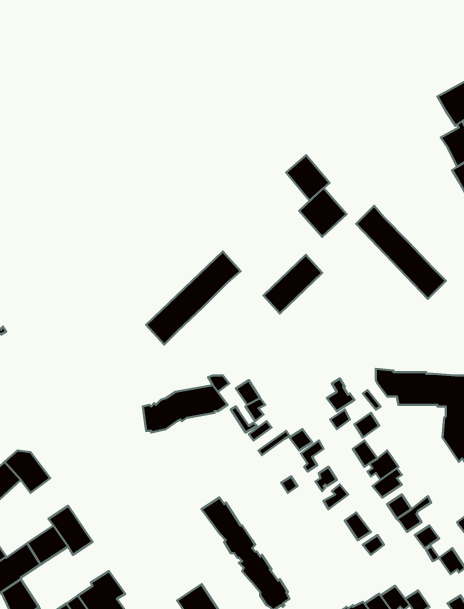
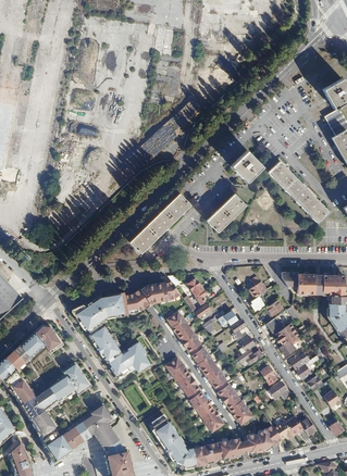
building: [286,155,329,200] -> none
building: none -> [72,292,128,355]
building: none -> [166,311,252,425]
building: none -> [108,341,149,377]

